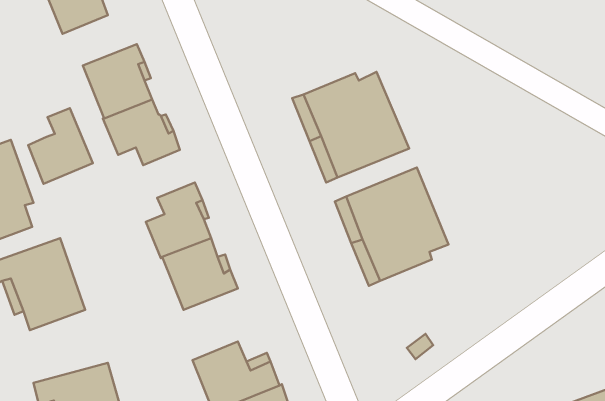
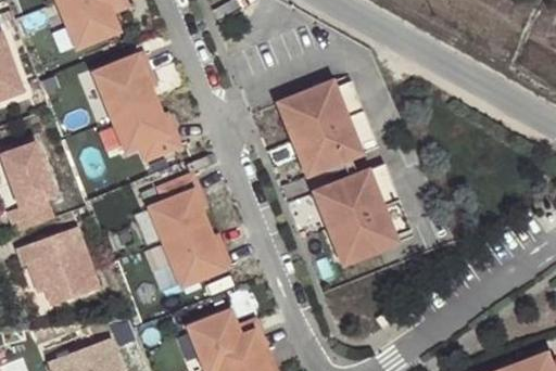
building: [28,108,93,184] -> none

